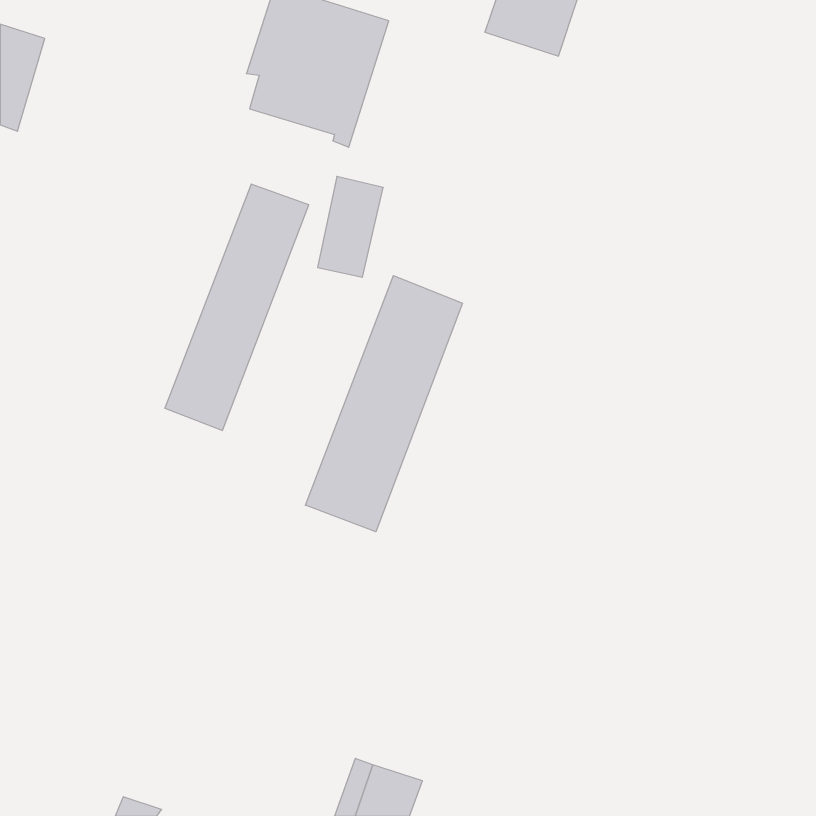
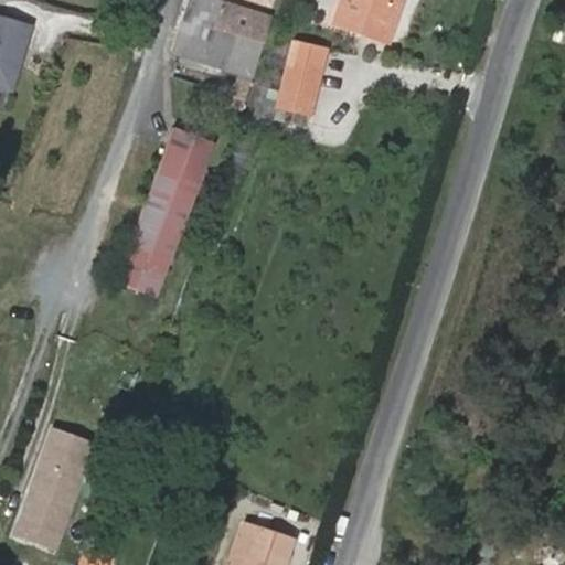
building: [318,176,383,277] -> [280,42,326,111]
building: [305,276,462,532] -> none
building: none -> [14,428,95,552]

